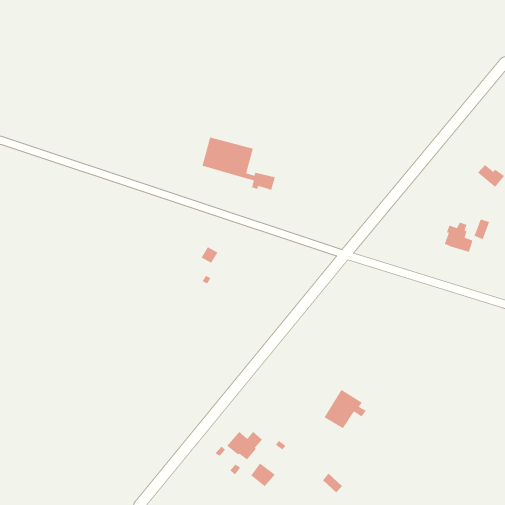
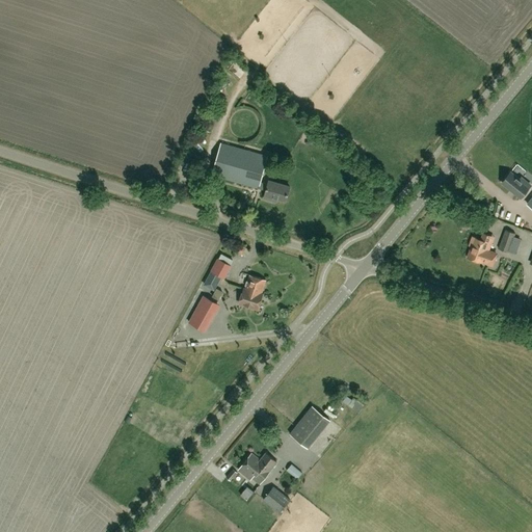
building: none -> [239,274,266,310]
building: none -> [189,295,219,330]
building: [323,389,367,429] -> [292,403,338,446]

